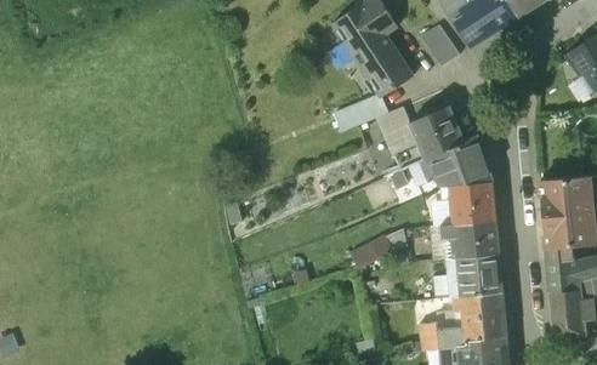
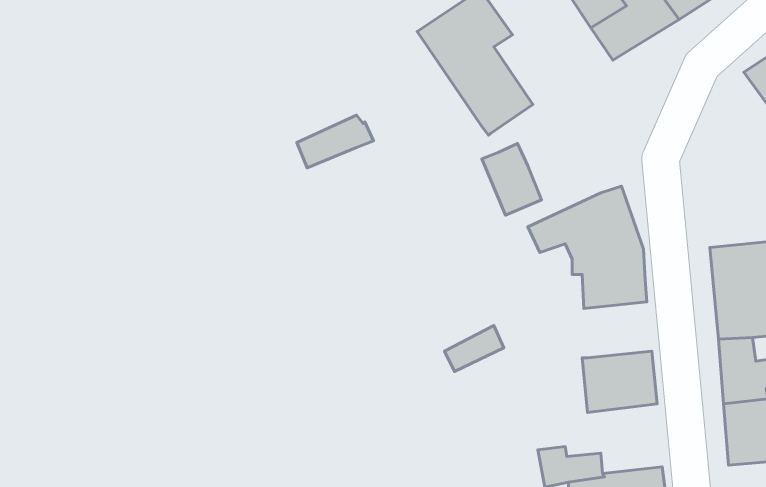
building: [421,27,459,68] -> none
building: [335,95,390,132] -> [297,115,373,168]
building: [394,108,462,170] -> none
building: [439,219,499,260] -> none
building: [453,292,506,342] -> none

